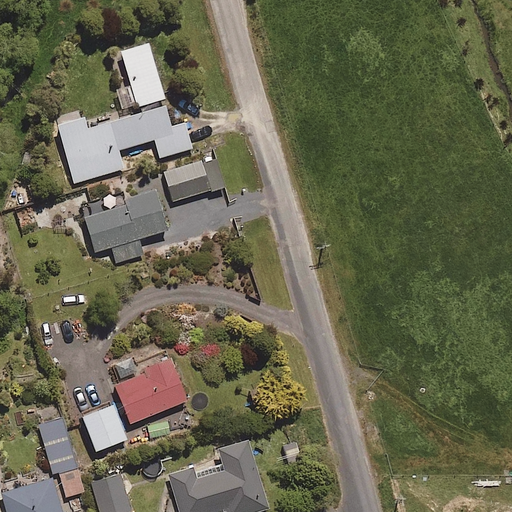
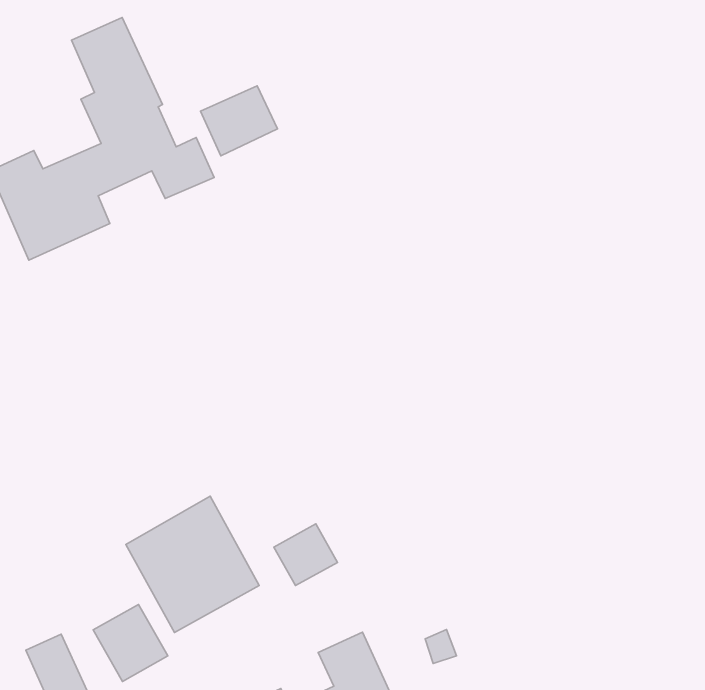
building: [165,161,211,201] -> [200,86,277,156]
building: [82,190,167,262] -> none
building: none -> [274,524,337,586]

